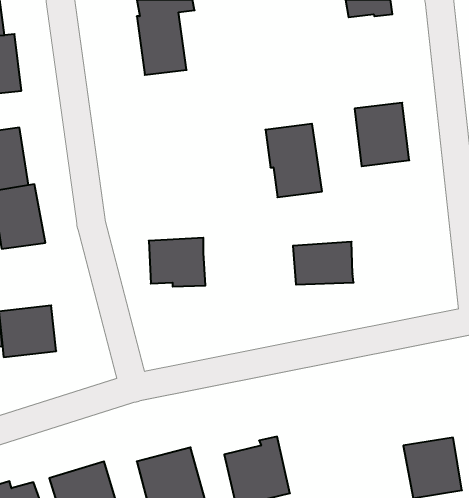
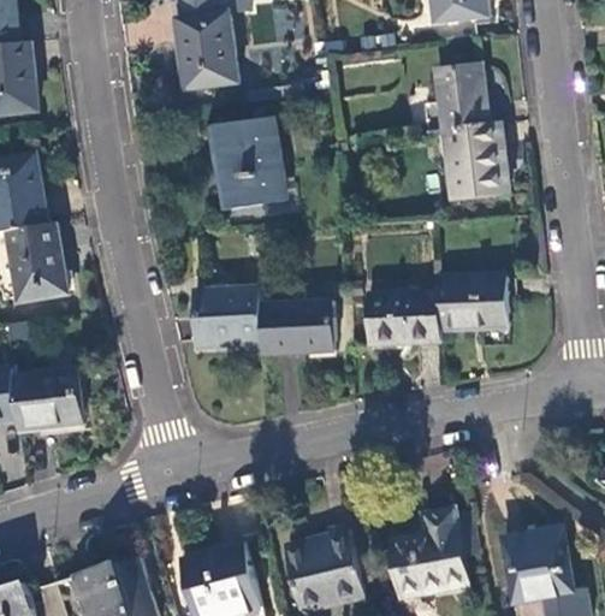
building: none -> [435,69,490,132]
building: [265,124,322,197] -> [213,122,281,211]
building: none -> [438,277,508,332]
building: none -> [260,303,336,356]
building: none -> [392,511,480,593]

